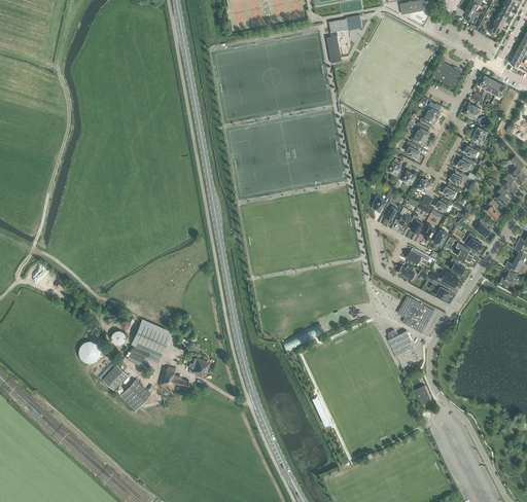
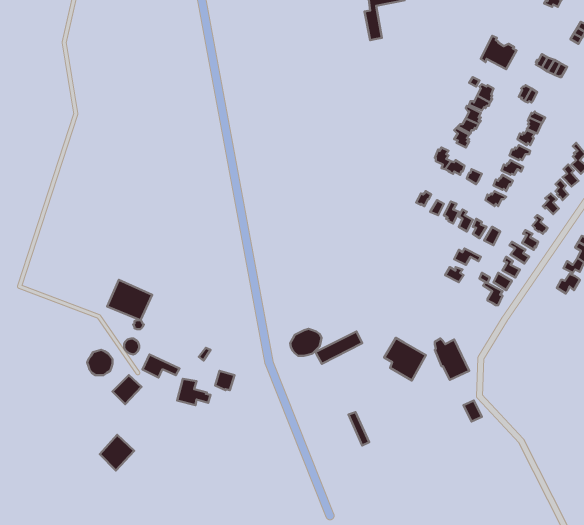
building: [397,295,434,333] -> [384,338,426,380]
building: [131,319,171,355] -> [107,280,152,320]
building: none -> [290,329,322,356]
building: [118,378,149,409] -> [100,435,134,470]

